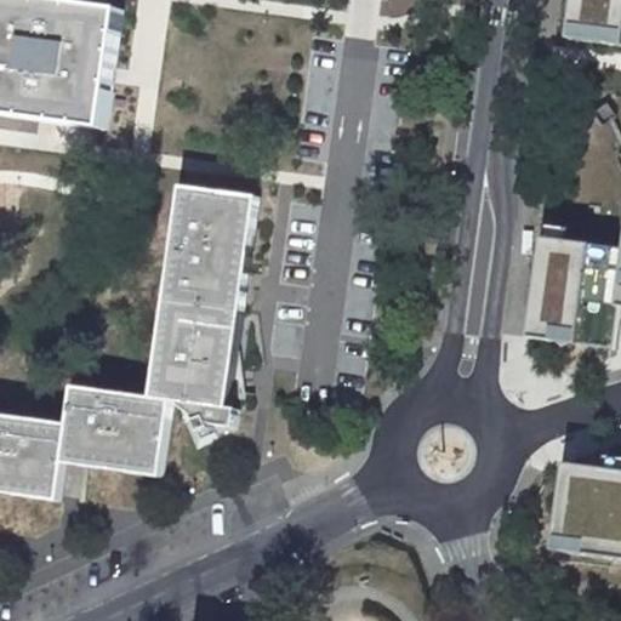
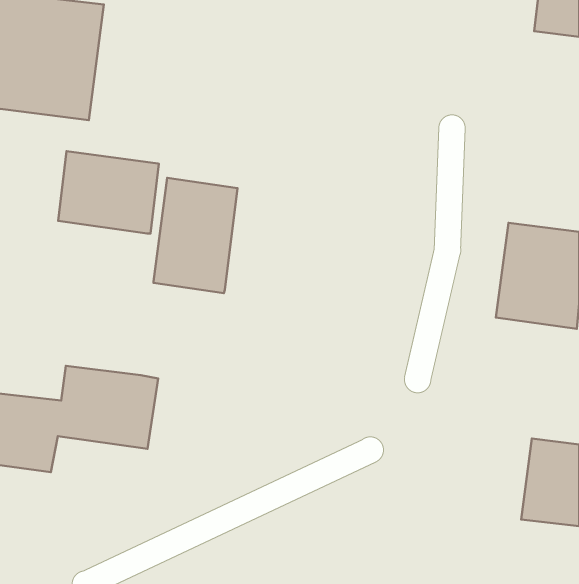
building: none -> [58,151,159,234]
building: [148,297,235,434] -> none

